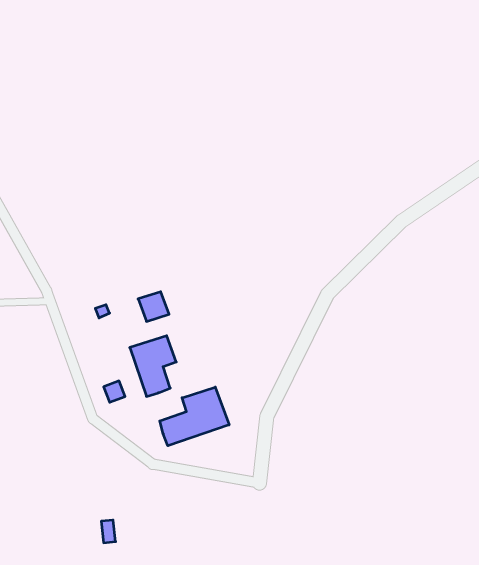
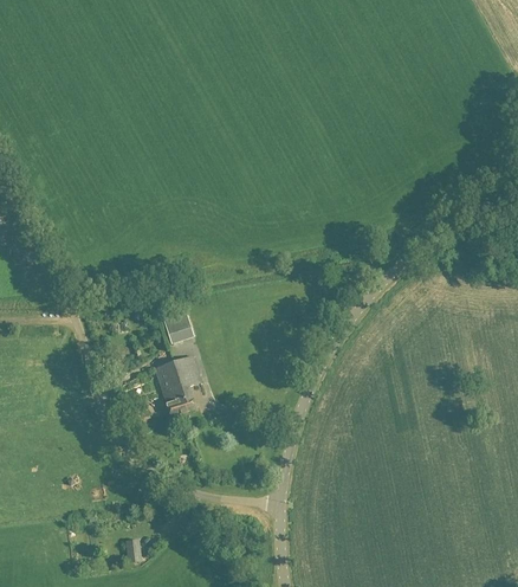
building: [160,387,229,446] -> none

